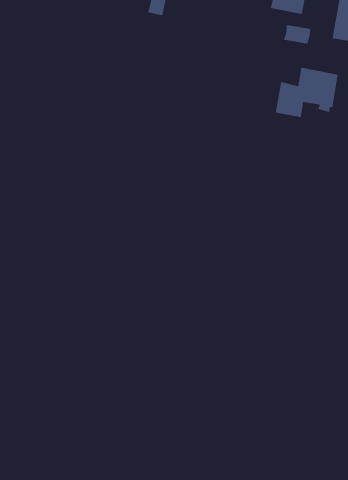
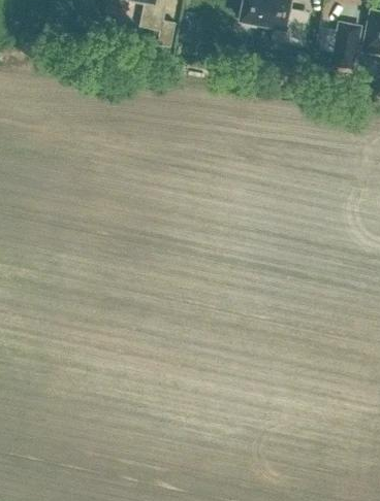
building: [275,67,338,118] -> none

